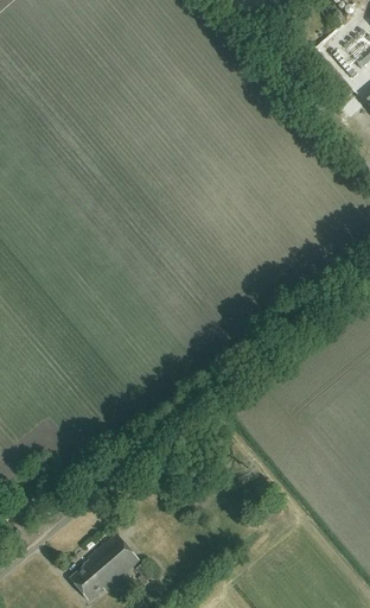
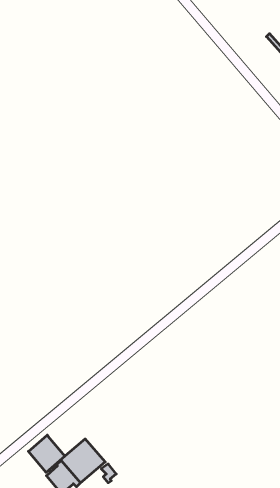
building: none -> [28,435,65,472]

